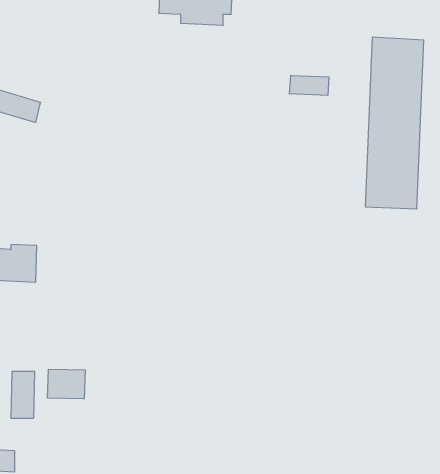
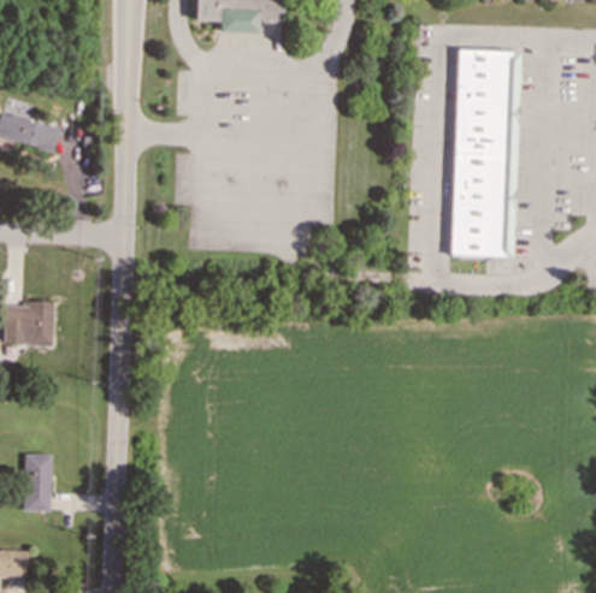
building: [290,75,329,95] -> none
building: [48,369,85,399] -> none

